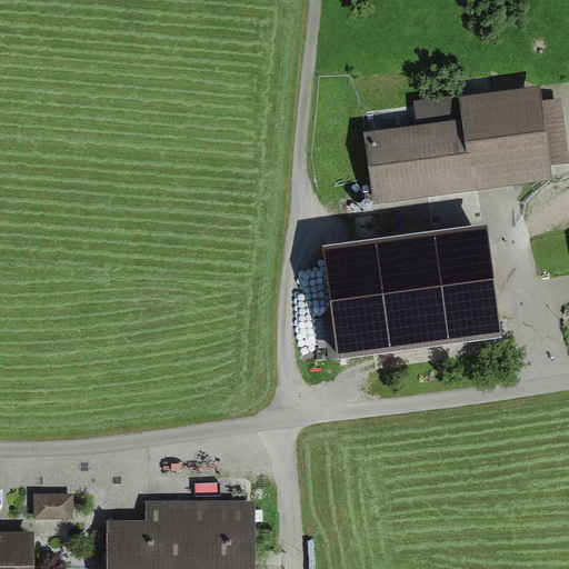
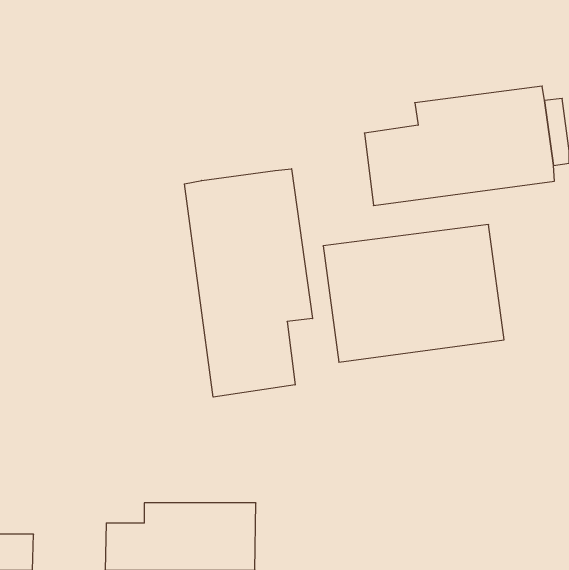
building: none -> [184,169,313,397]
building: [32,493,72,519] -> none

